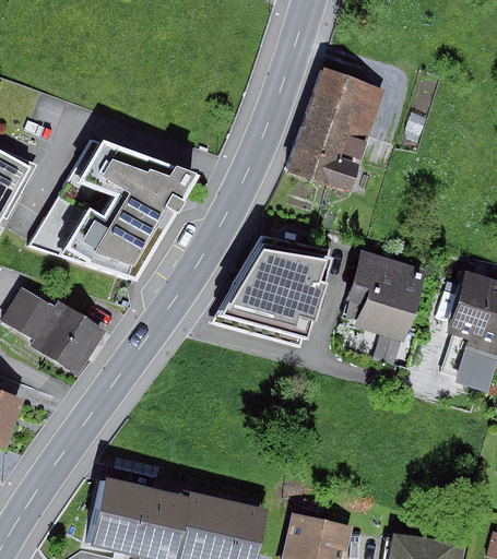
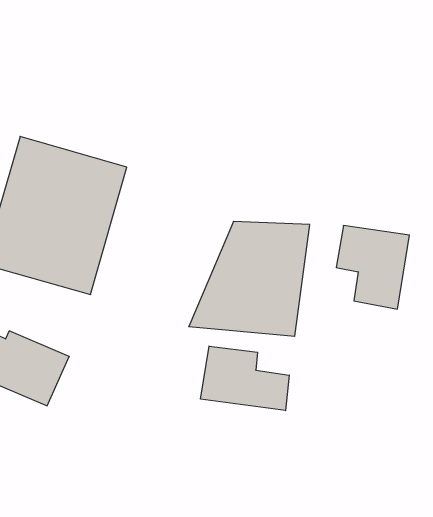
building: [293,75,379,187] -> none
building: none -> [201,346,289,411]

